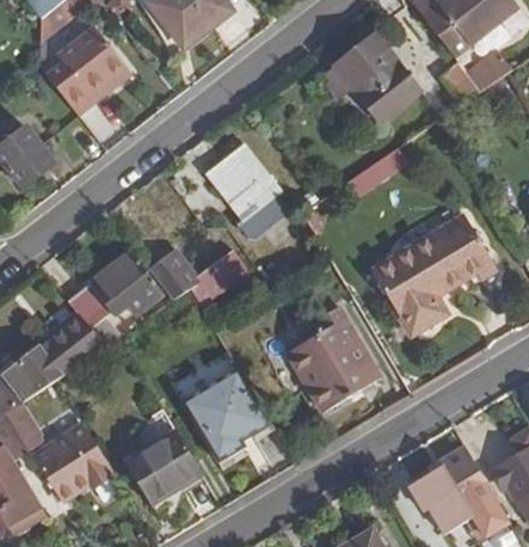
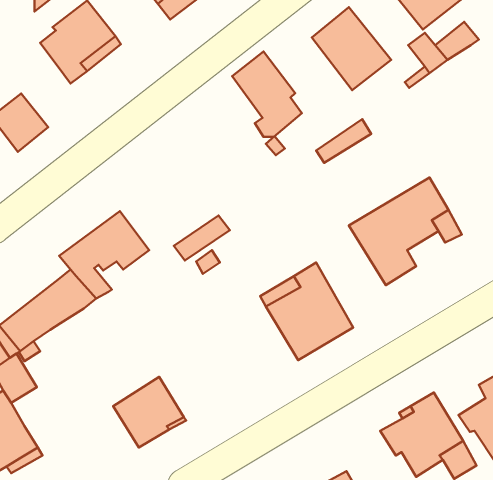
building: [210,145,284,235] -> [232,52,302,137]
building: [148,248,235,300] -> none
building: [170,350,269,468] -> none
building: [38,423,112,499] -> none

